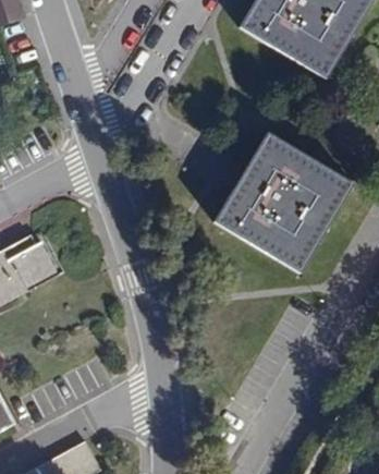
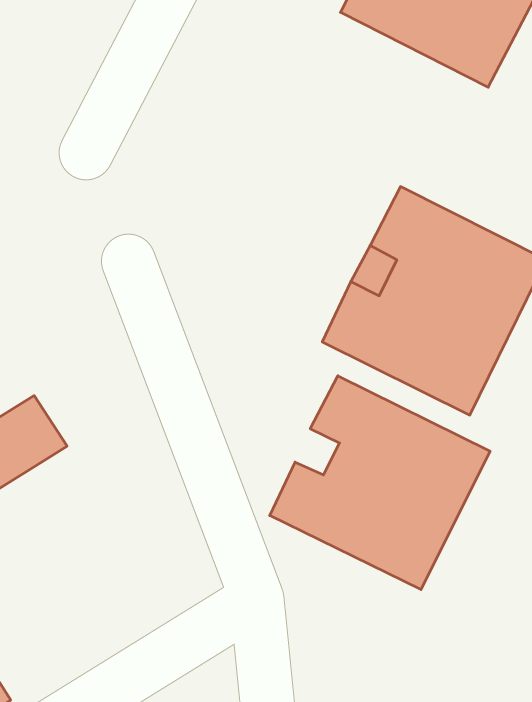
building: none -> [270,376,490,590]

